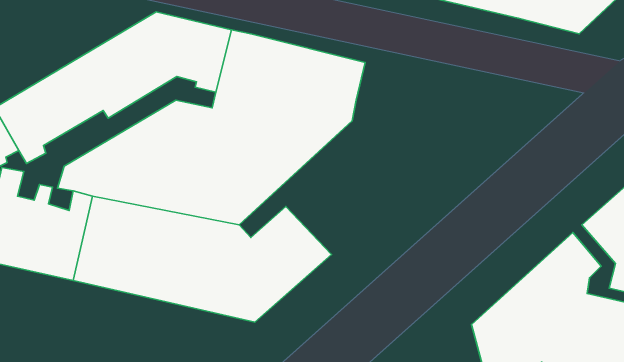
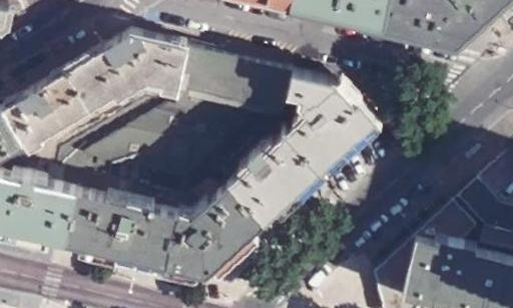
building: none -> [231,73,377,222]

